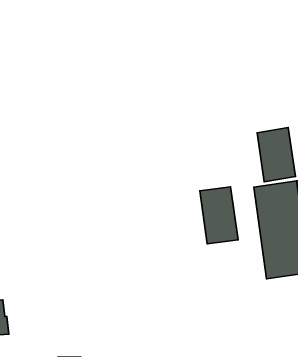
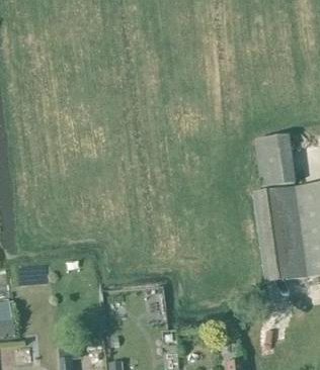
building: [200,187,238,244] -> none

